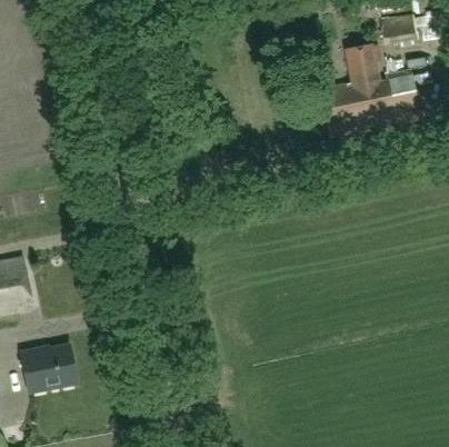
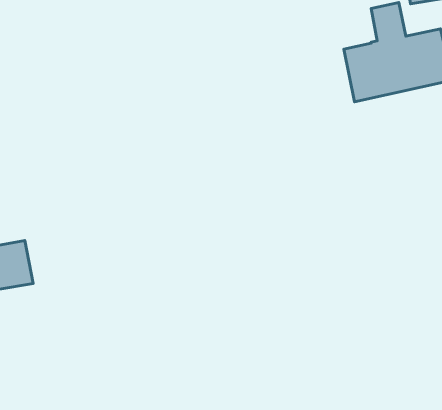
building: [20,341,77,389] -> none

